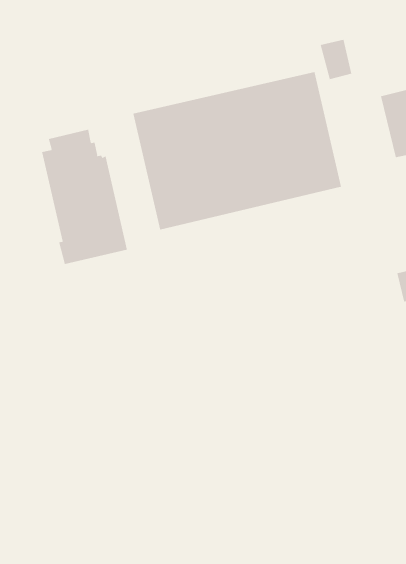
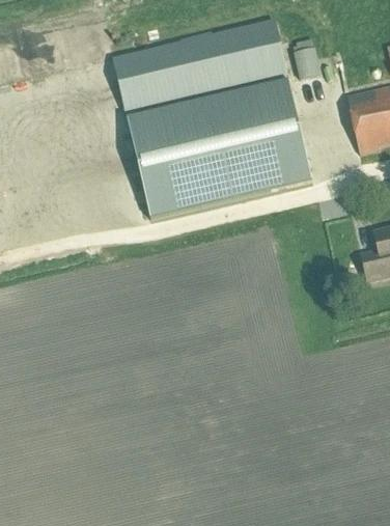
building: none -> [112,19,288,113]
building: [41,129,127,265] -> none

